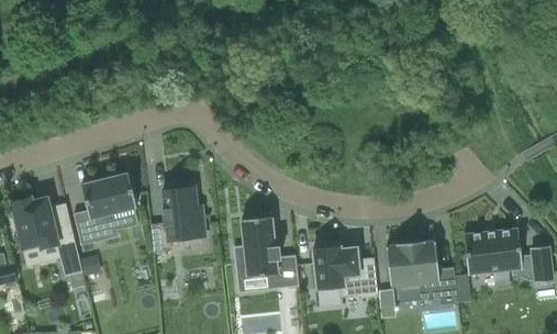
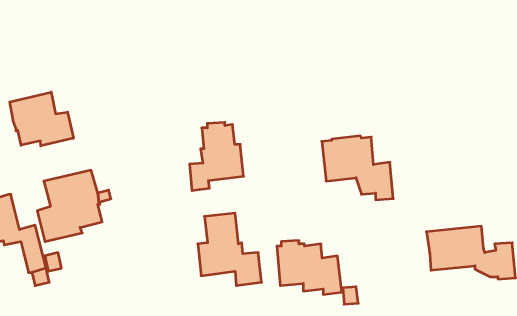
building: none -> [10,92,73,146]
building: [151,183,204,252] -> [190,122,244,191]
building: [386,241,457,304] -> [322,136,393,200]

